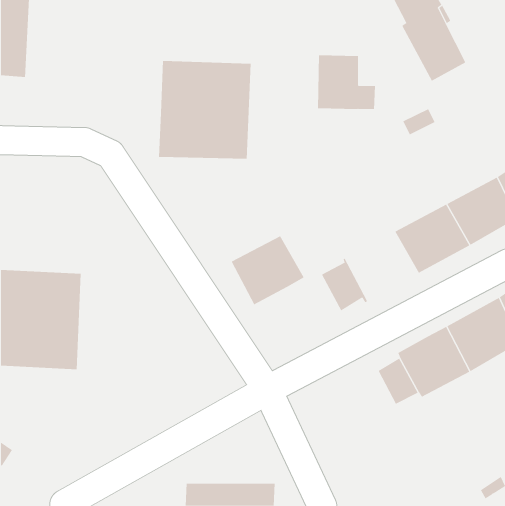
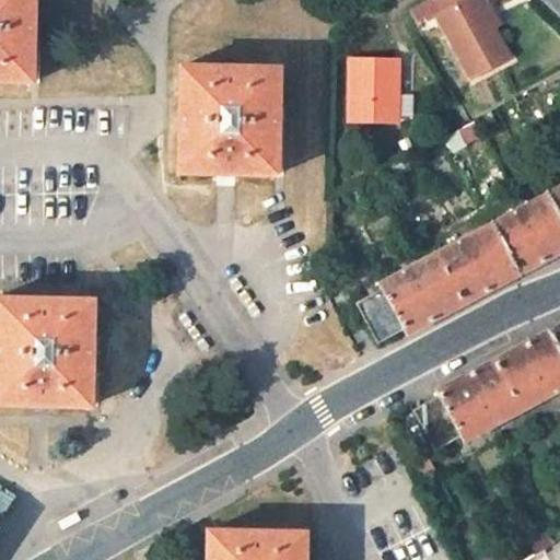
building: [231,236,305,305] -> [383,255,464,331]

